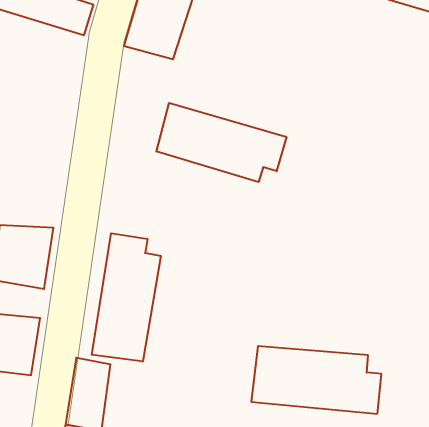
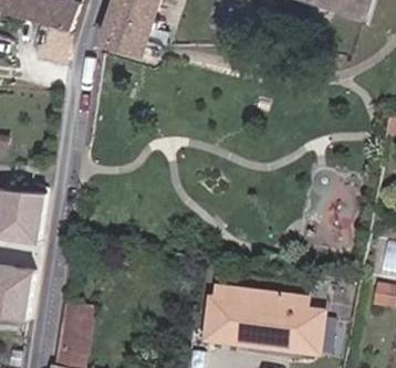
building: [156,103,286,182] -> none
building: [92,233,161,362] -> none

